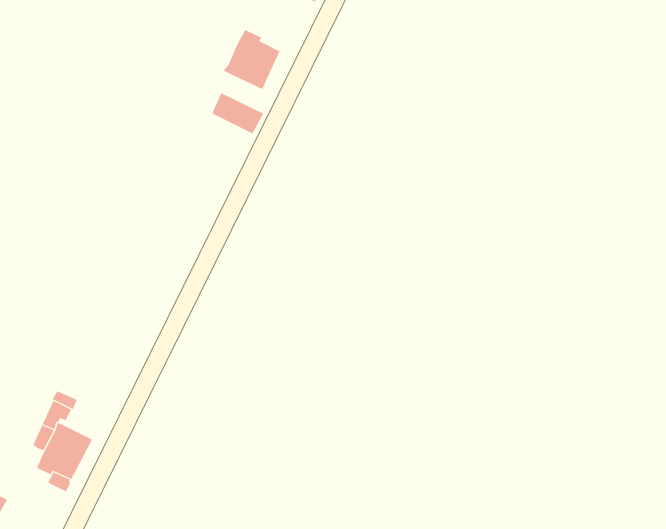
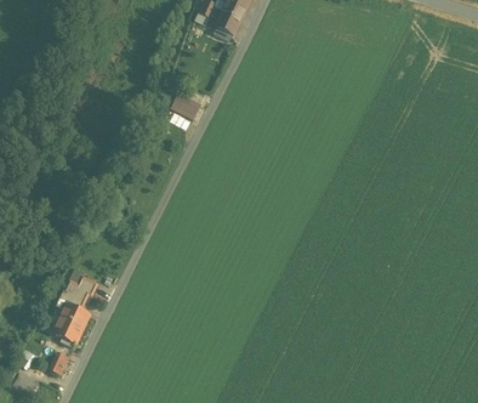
building: [223,29,282,90] -> none

